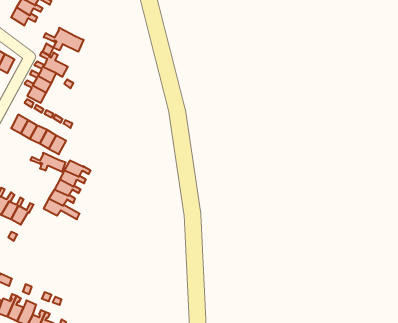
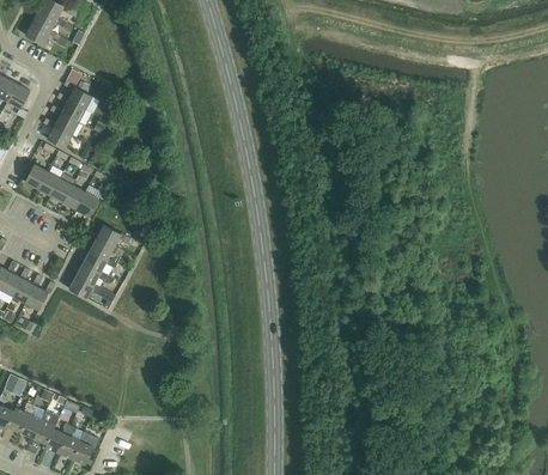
building: [44,28,84,52] -> none
building: [31,153,66,172] -> none

